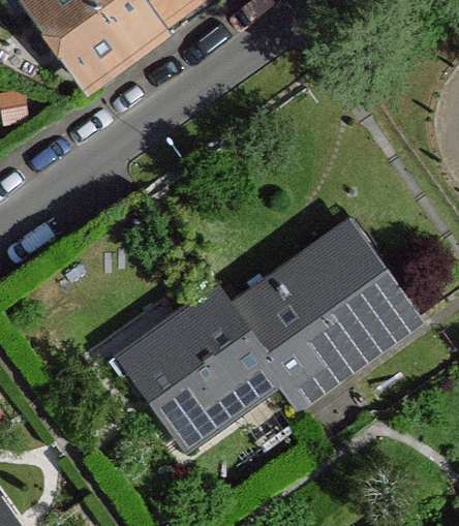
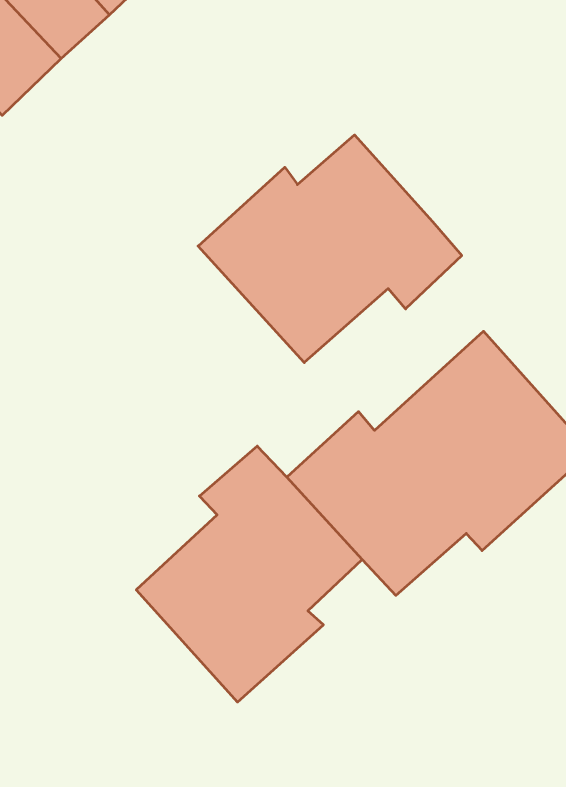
building: none -> [198,135,462,363]

